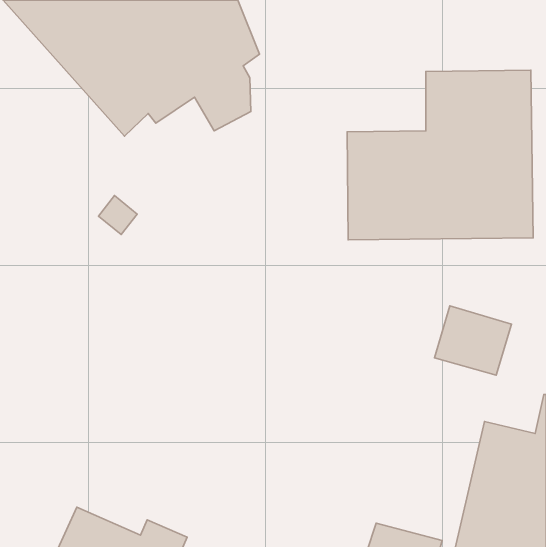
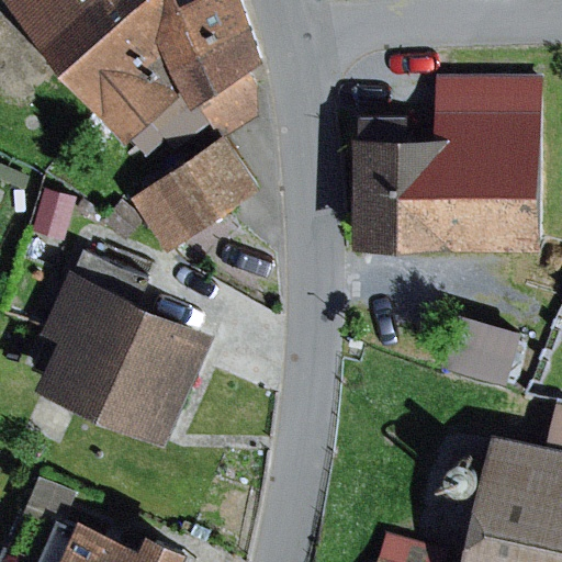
building: none -> [131,139,257,254]
building: none -> [37,272,214,443]

